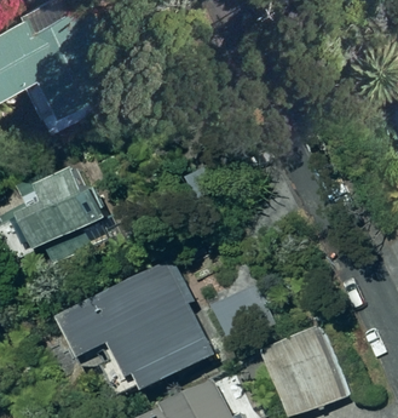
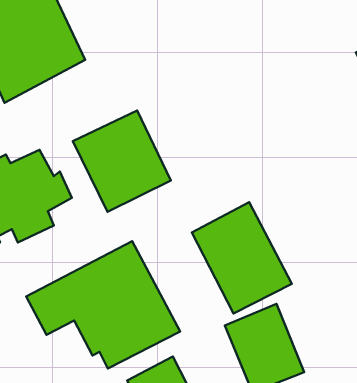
building: none -> [73,111,171,212]
building: none -> [192,202,292,313]

